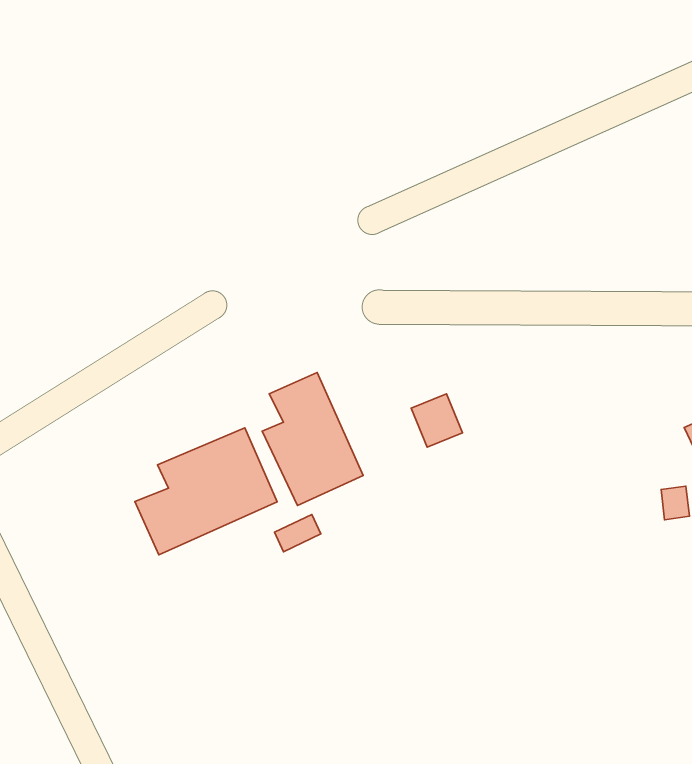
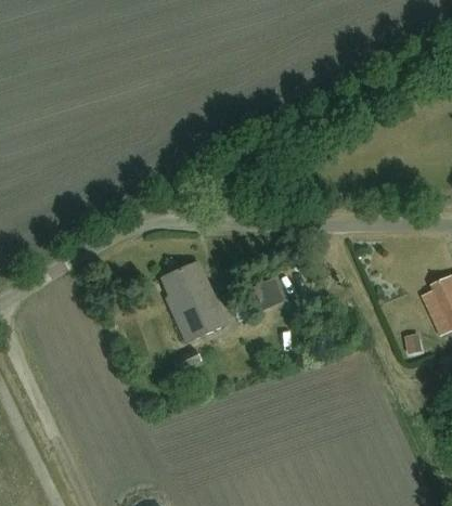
building: [135,428,277,555] -> none

